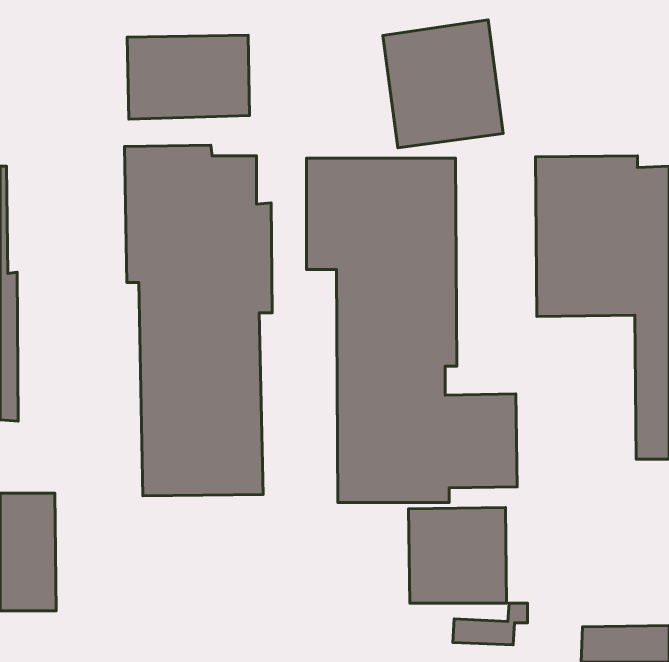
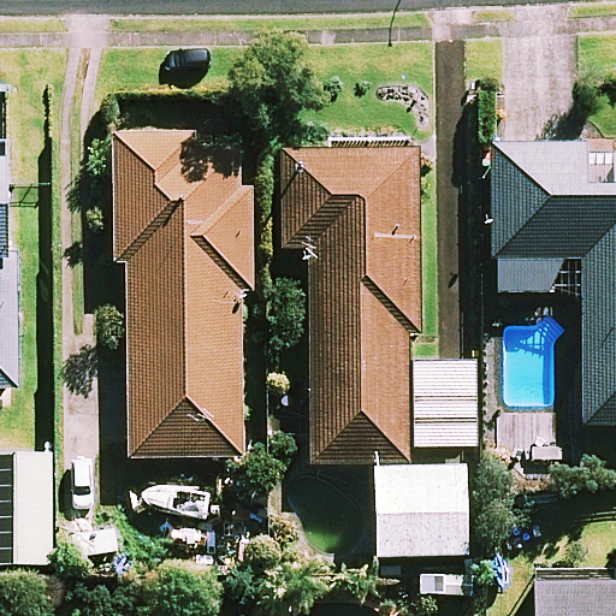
building: [383,20,503,148] -> none
building: [127,35,250,119] -> none

